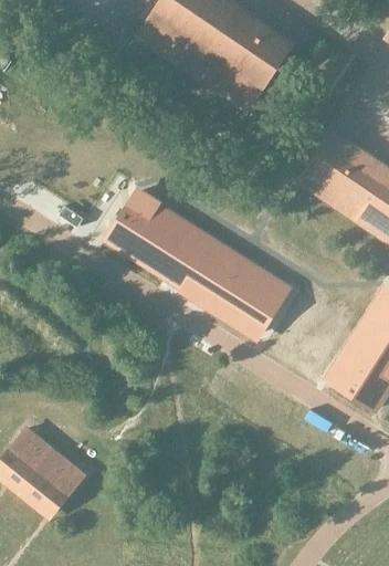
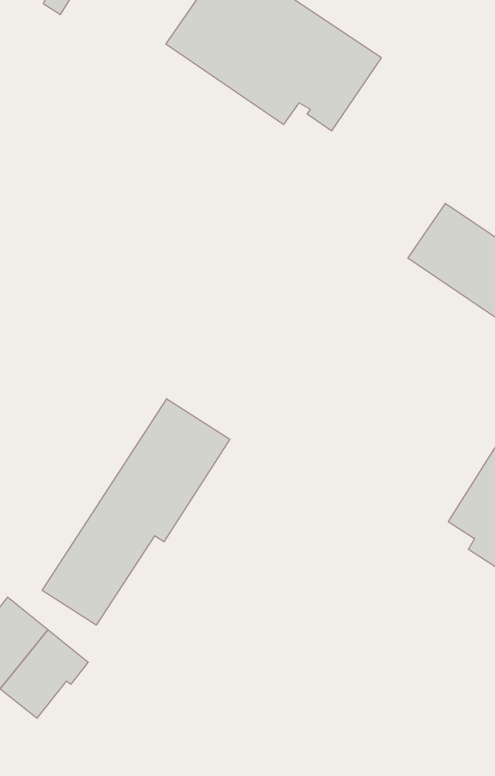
building: [114,193,296,336] -> none
building: none -> [42,399,230,625]

